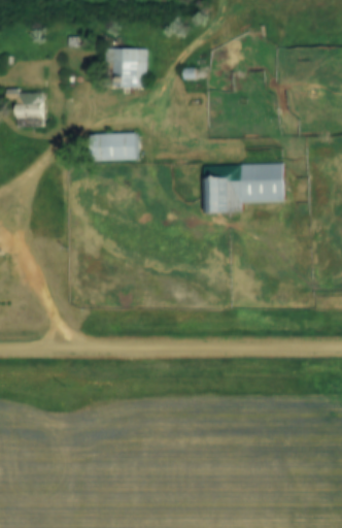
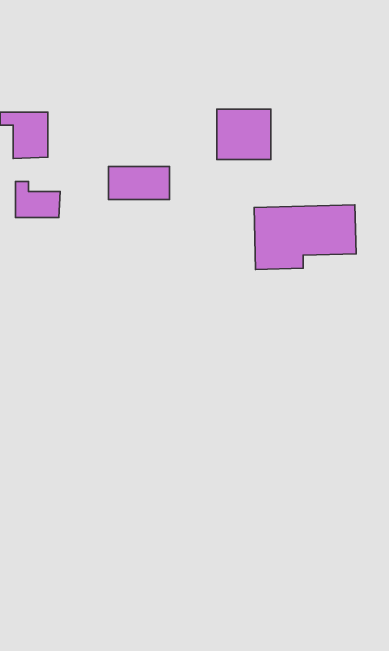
building: [105,47,147,87] -> [217,109,271,160]
building: none -> [16,181,60,218]

